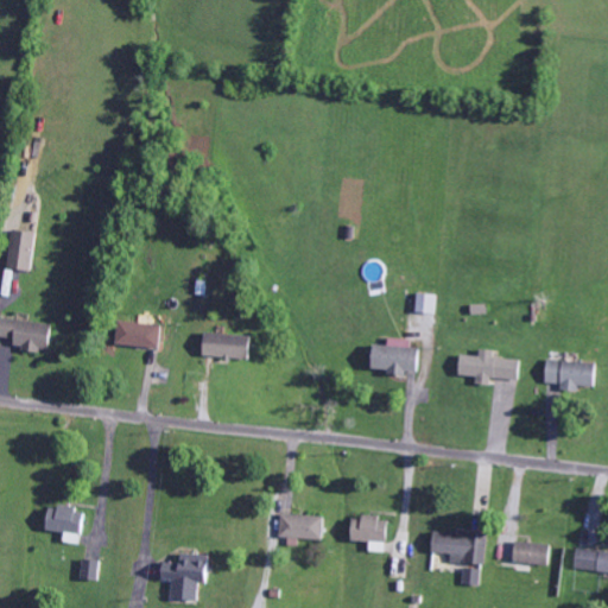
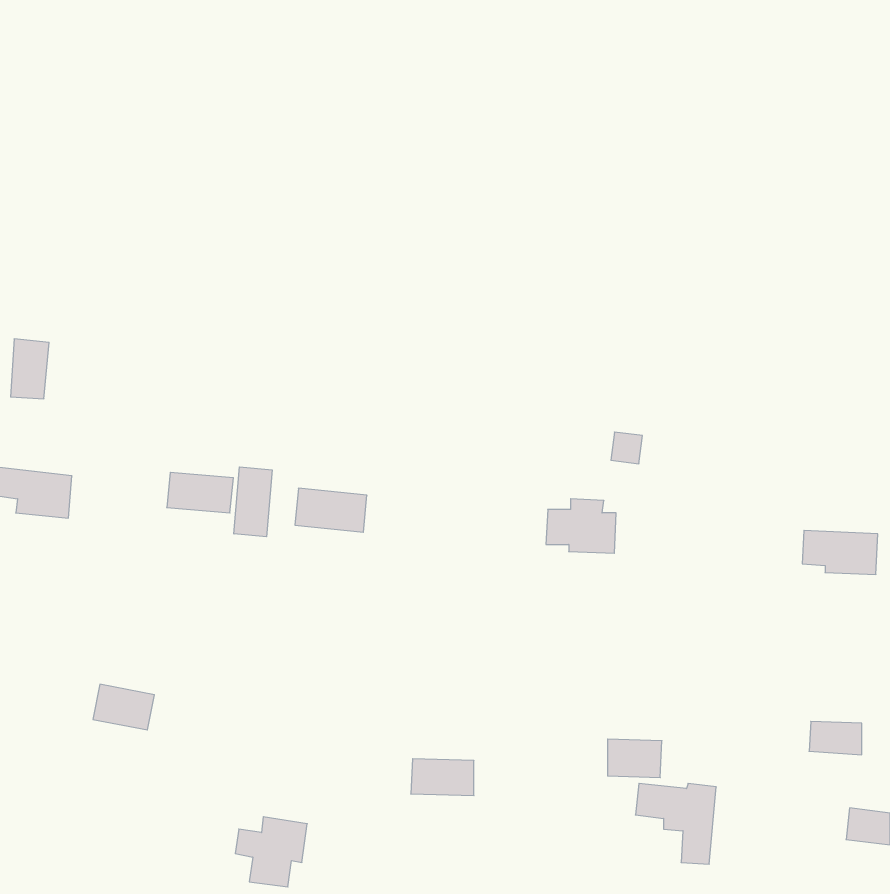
building: none -> [234,467,272,537]
building: [456,348,518,384] -> none
building: [42,504,83,534] -> [93,684,154,730]
building: [348,515,385,542] -> [608,739,662,778]
building: [512,542,547,564] -> [809,721,862,755]

